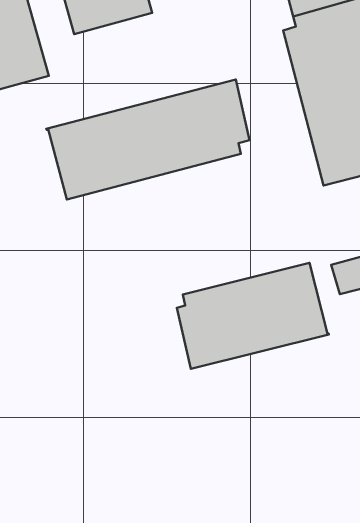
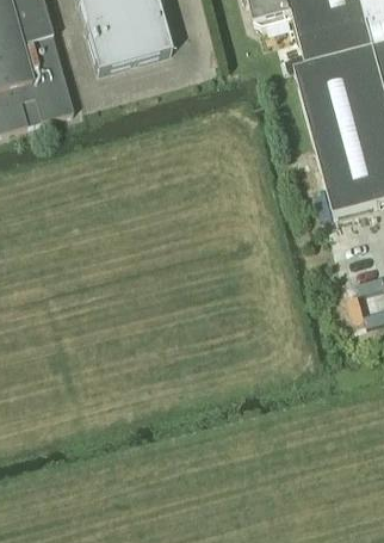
building: [46,79,250,200] -> none
building: [177,263,329,369] -> none

